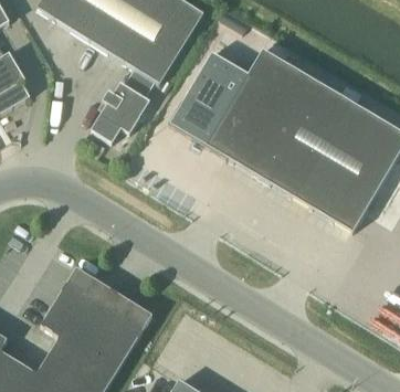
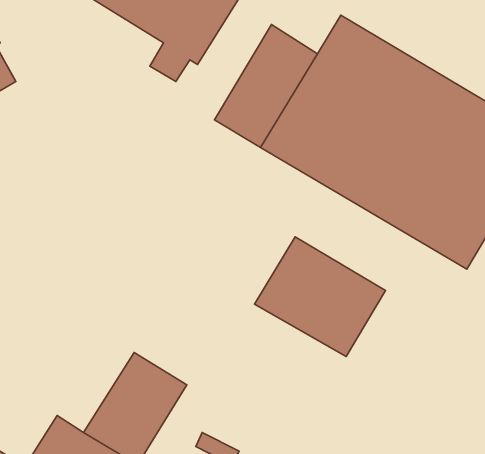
building: [90,81,149,141] -> none
building: none -> [254,237,385,357]
building: [40,266,114,348] -> none

